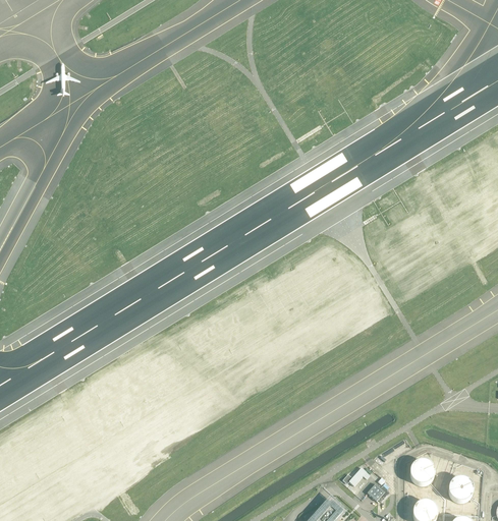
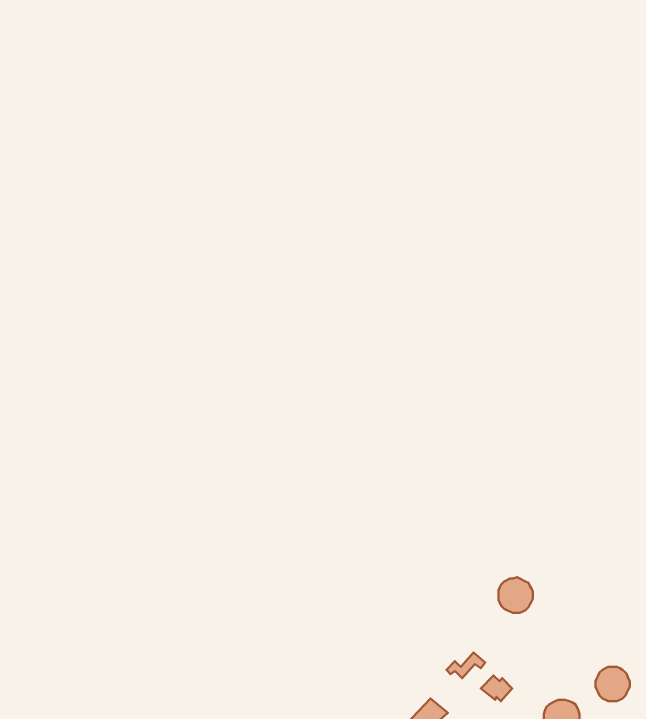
building: [409,459,434,484] -> [498,577,533,613]

